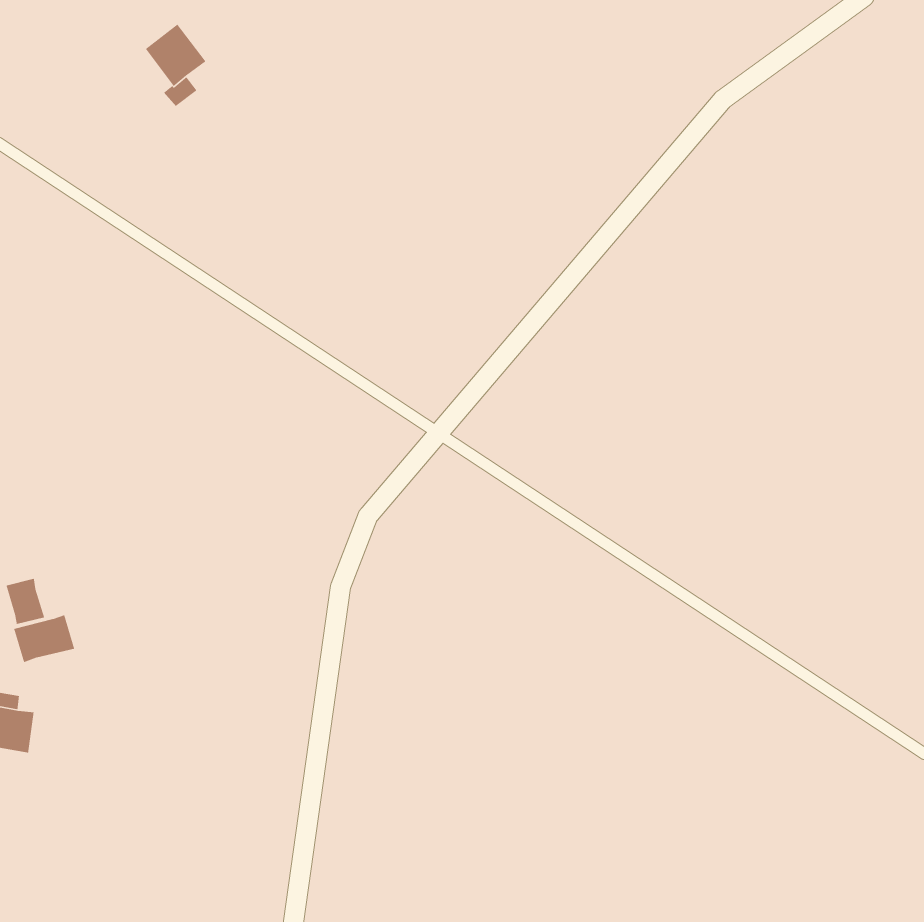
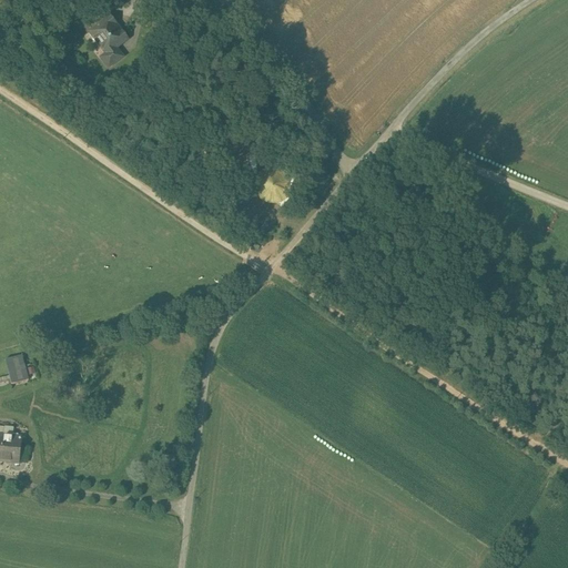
building: [13,614,75,663] -> none

